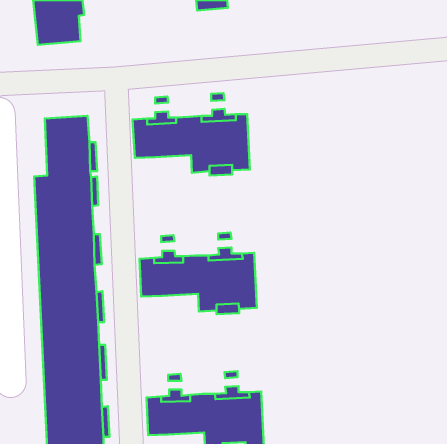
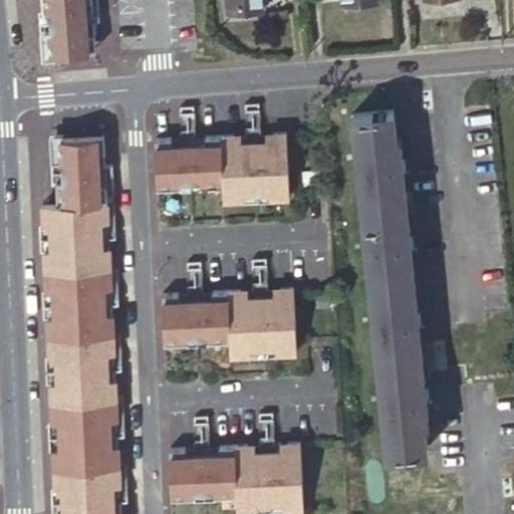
building: none -> [354,114,428,456]

